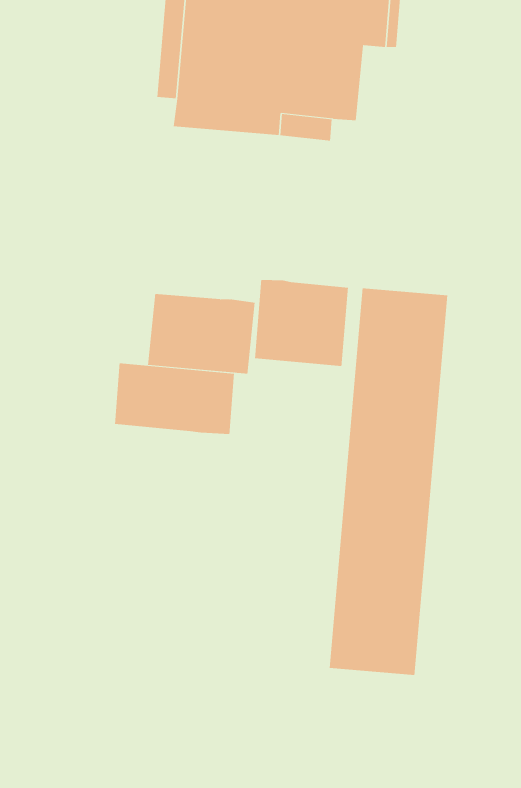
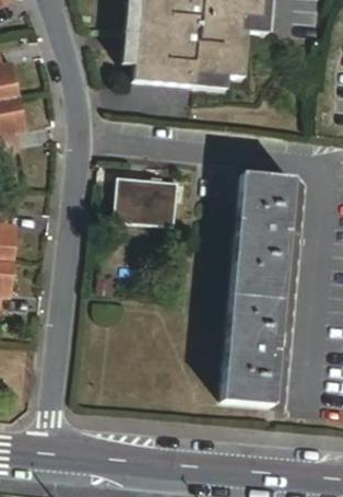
building: [254,279,348,367] -> none
building: [115,363,235,435] -> none

